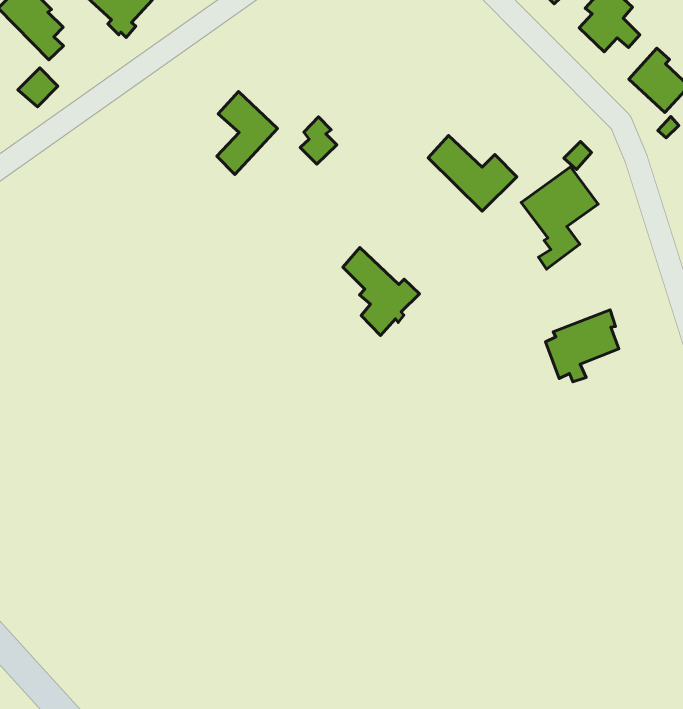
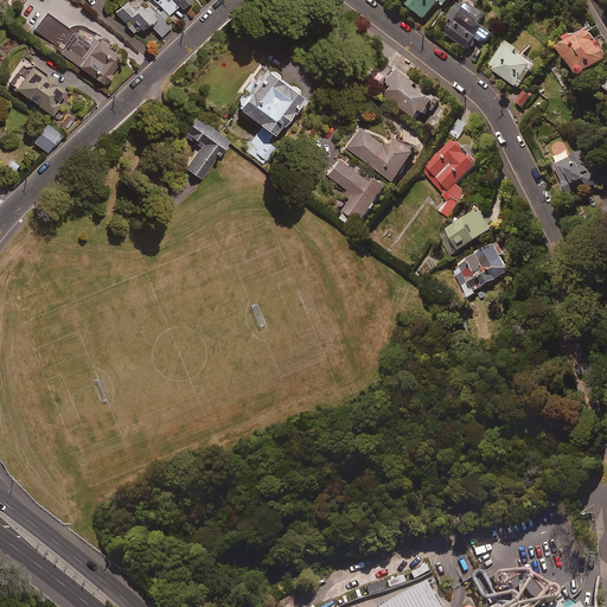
building: none -> [236,66,302,133]
building: none -> [376,68,441,120]
building: [343,248,419,336] -> [325,156,385,221]
building: none -> [437,206,492,254]

